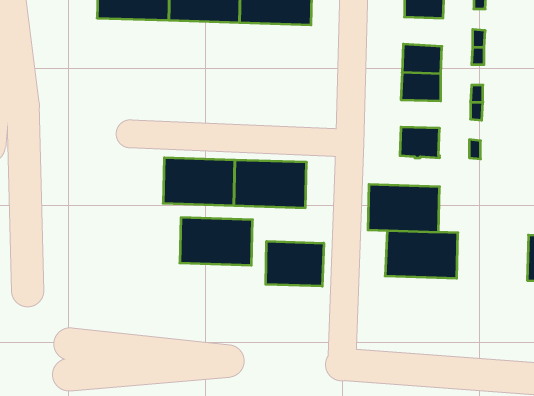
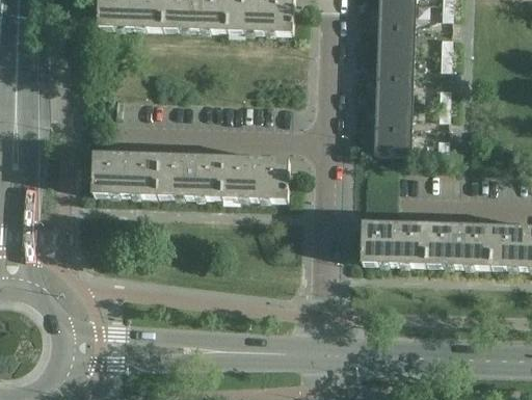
building: none -> [377,24,414,51]
building: none -> [375,100,411,126]
building: [368,184,440,232] -> [426,221,491,265]
building: [180,218,253,265] -> [92,151,159,194]
building: [266,241,324,286] -> none

